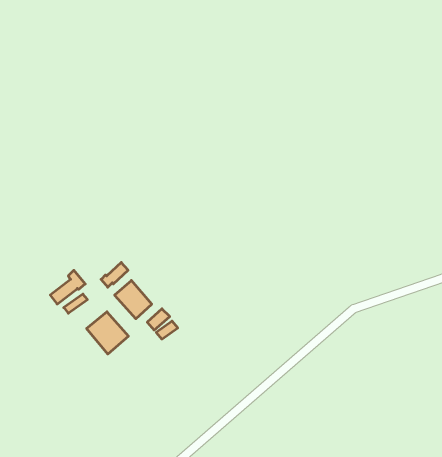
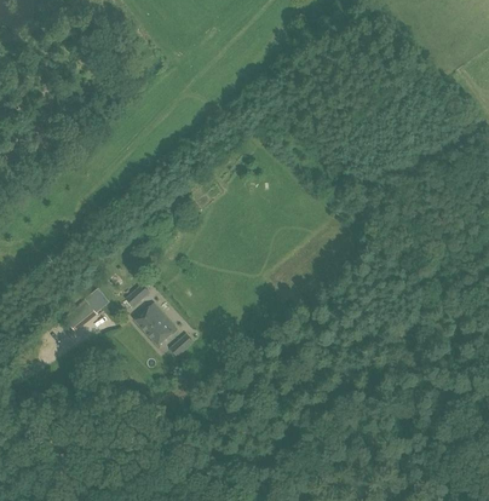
building: [87,312,128,354] -> none

